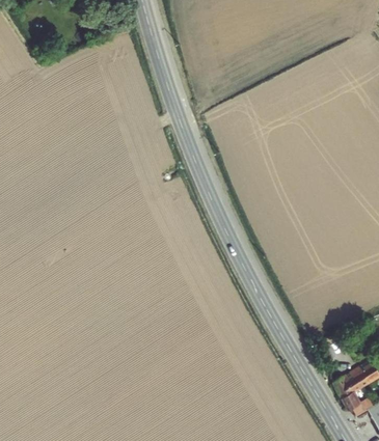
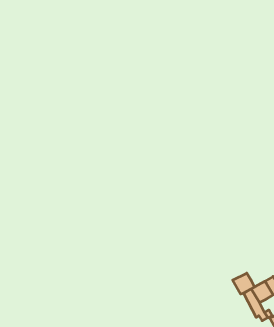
building: none -> [233,273,255,294]

